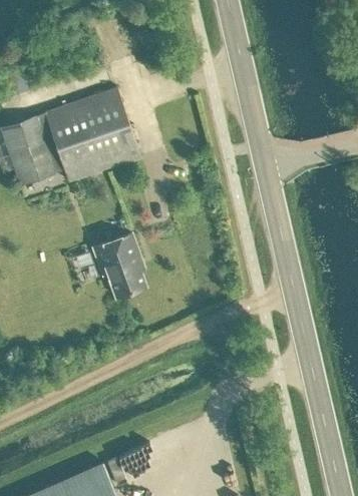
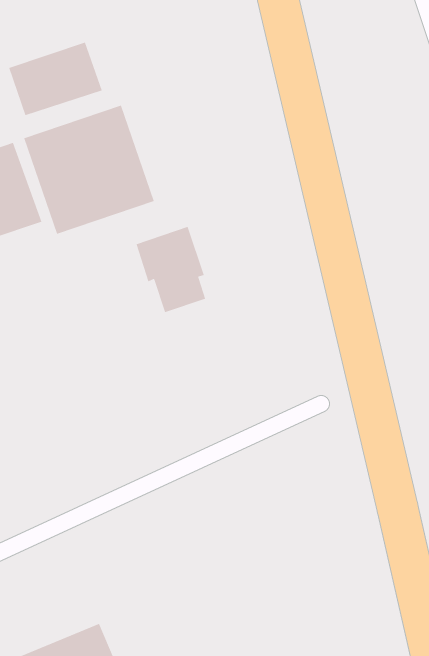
building: none -> [8,41,103,116]
building: [95,235,146,299] -> [136,226,206,313]

